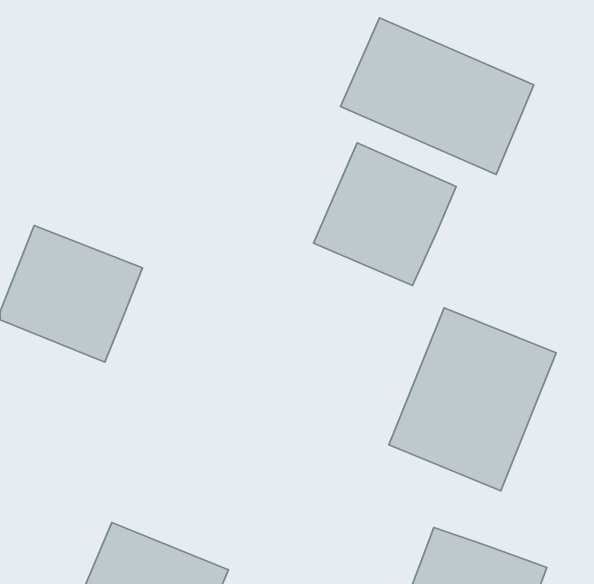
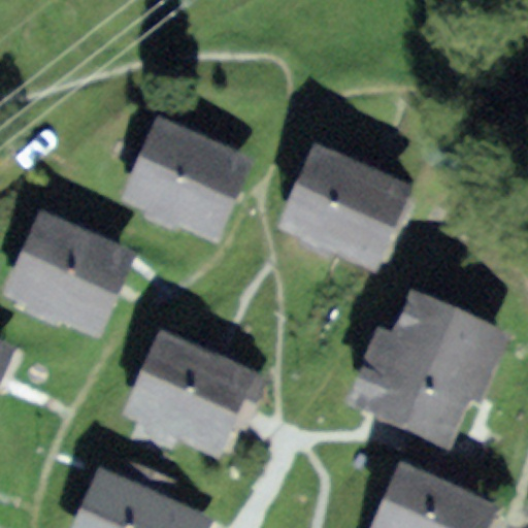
building: [341,18,534,174] -> none
building: none -> [123,114,252,238]
building: none -> [130,329,256,452]

